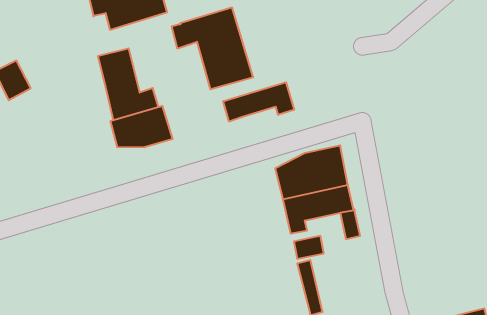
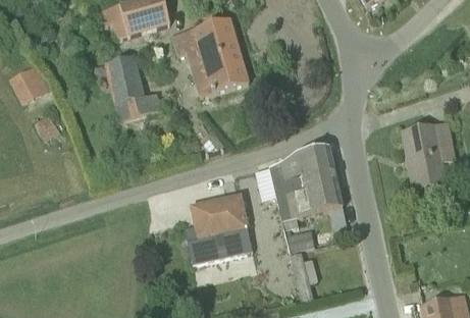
building: [223,82,294,122] -> none
building: [111,106,173,147] -> none
building: none -> [402,121,454,189]
building: none -> [187,195,252,261]

